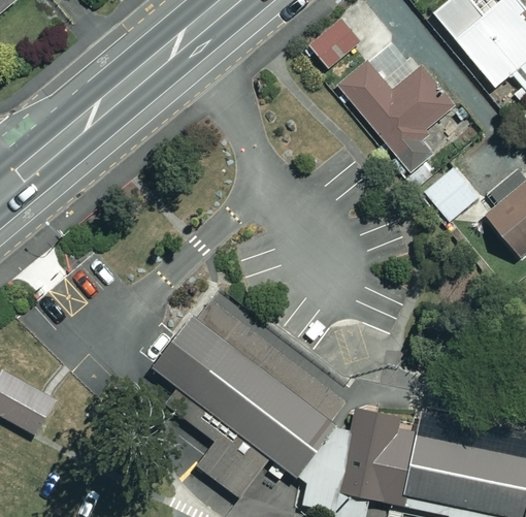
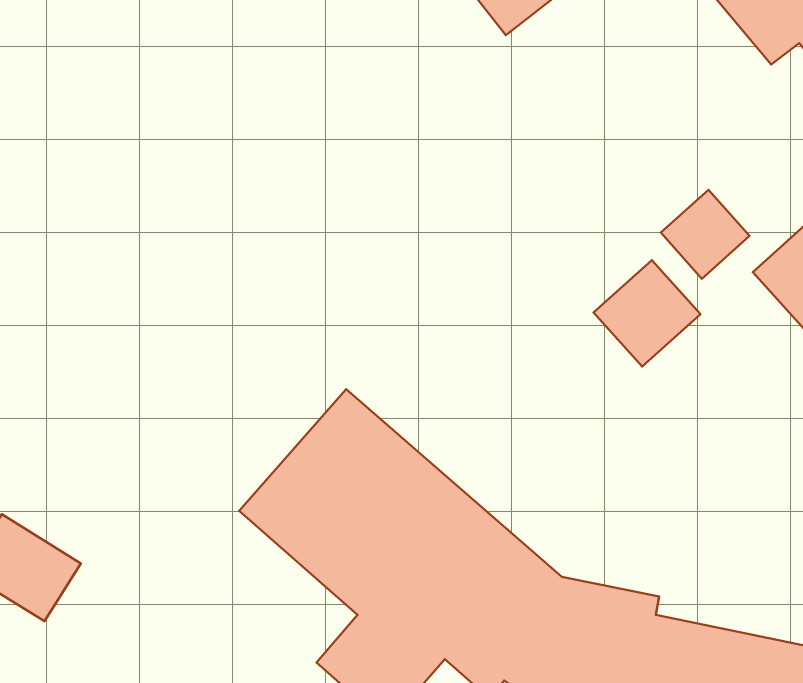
building: [336,63,467,172] -> none
building: none -> [593,260,701,366]

